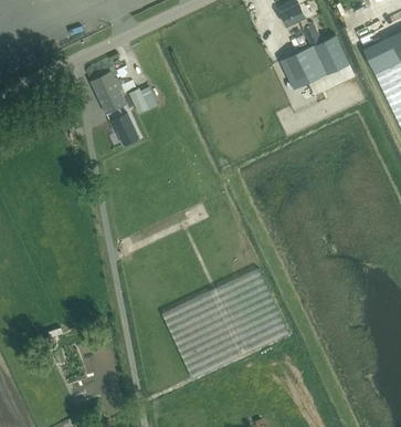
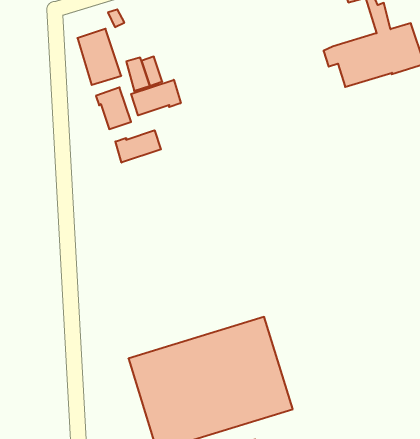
building: none -> [131,80,181,115]
building: none -> [115,130,161,163]

